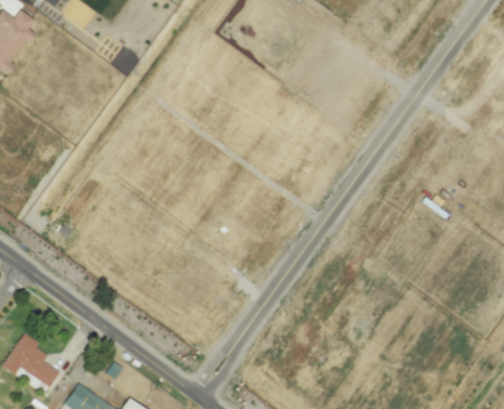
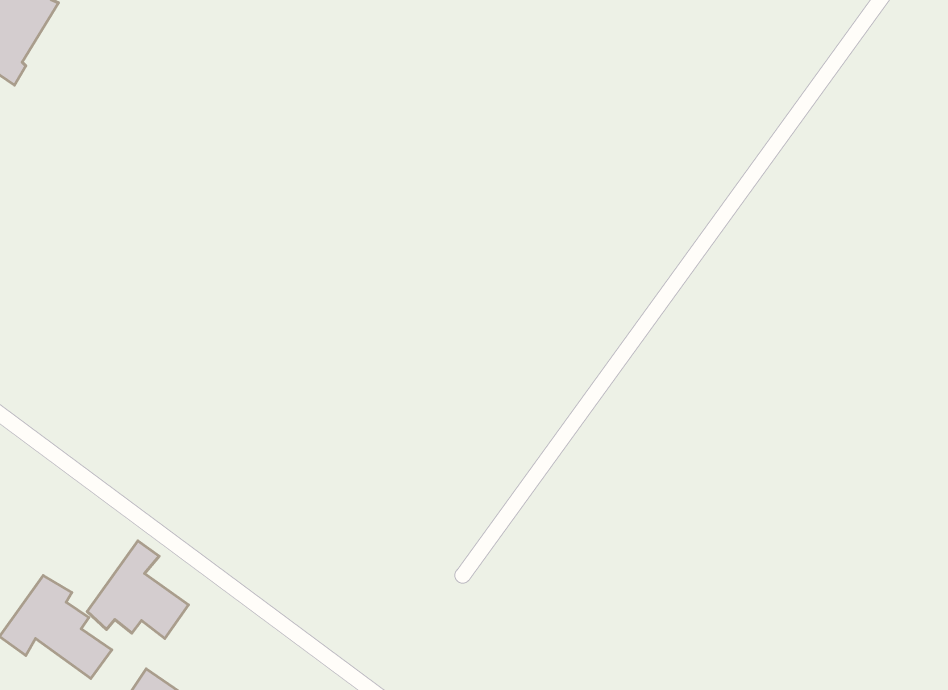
building: none -> [87,541,189,638]

